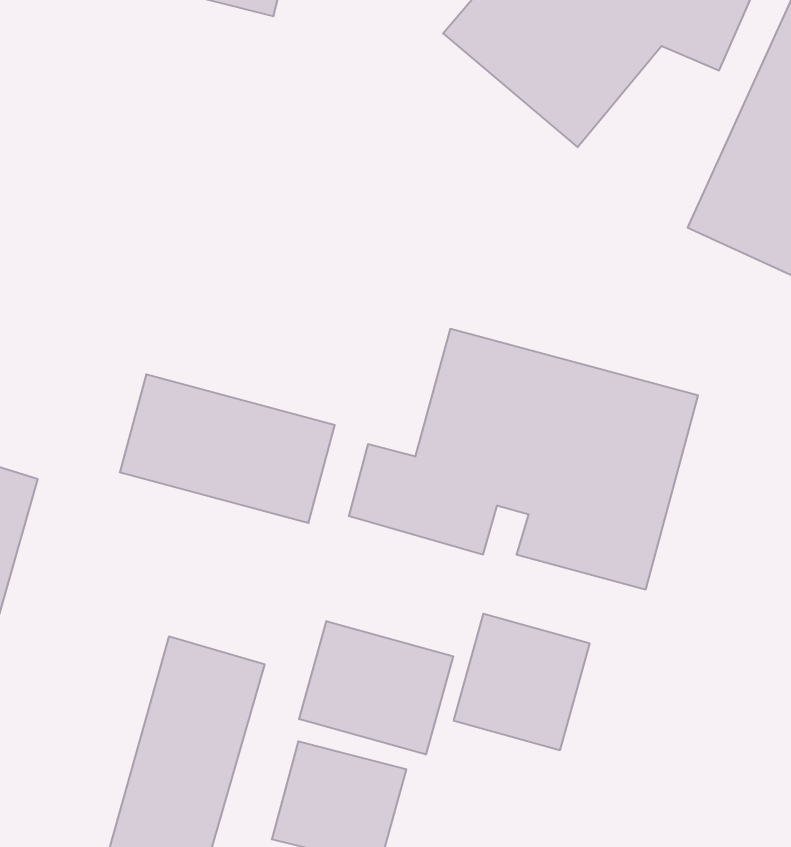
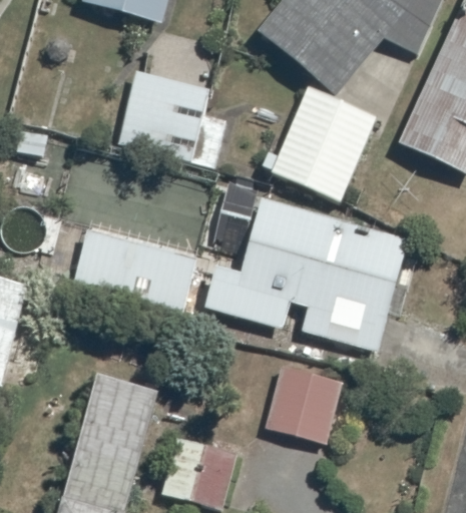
building: none -> [117,70,207,159]
building: none -> [271,88,375,200]
building: [299,621,453,755] -> none

